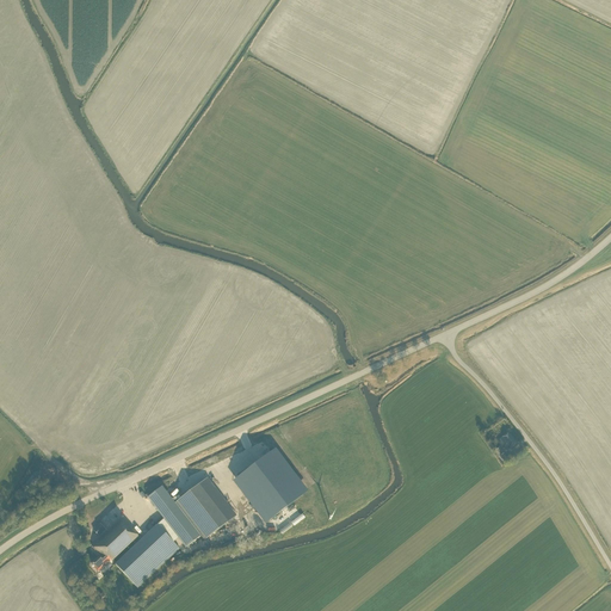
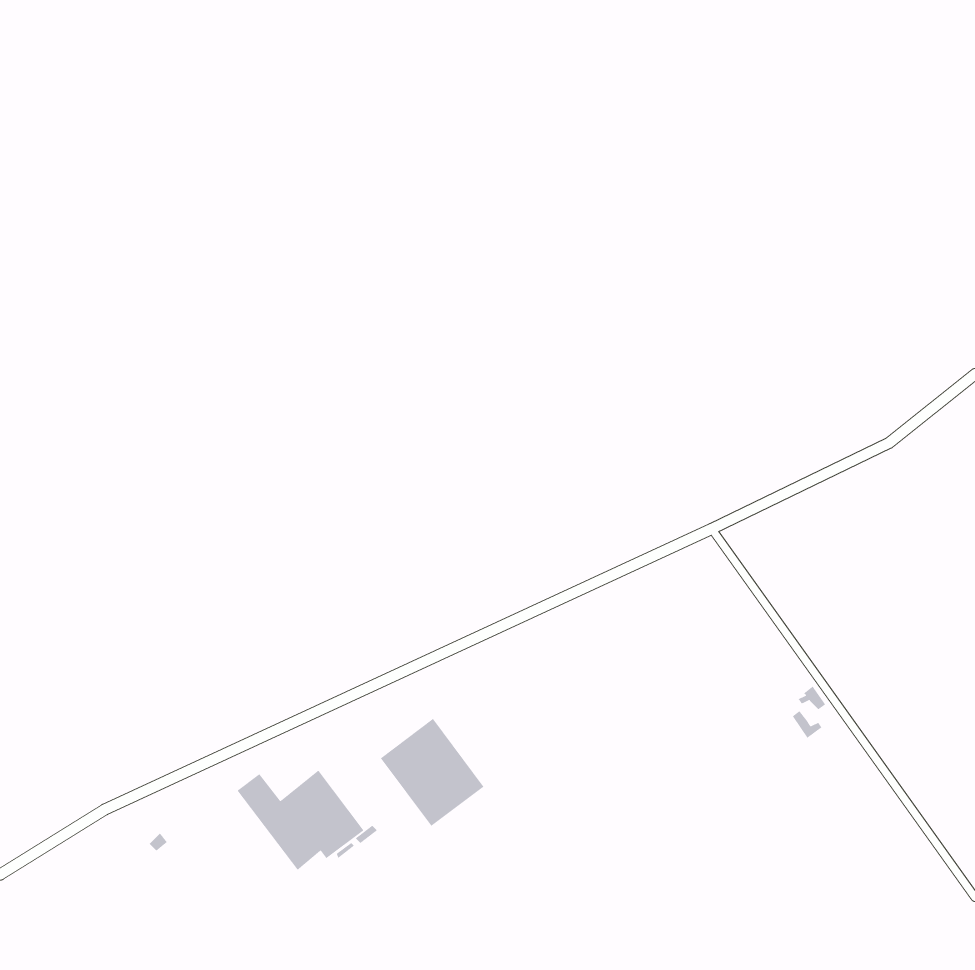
building: [92,516,179,585] -> none

